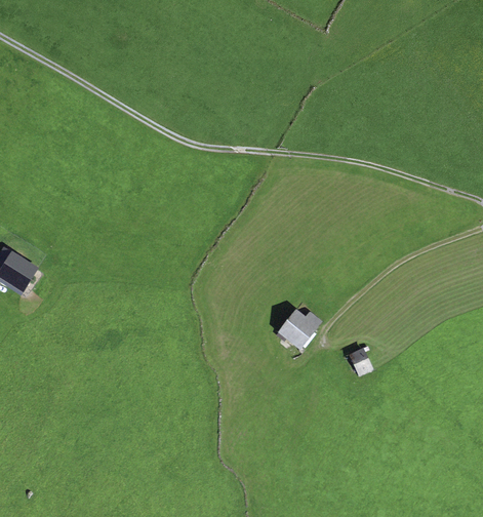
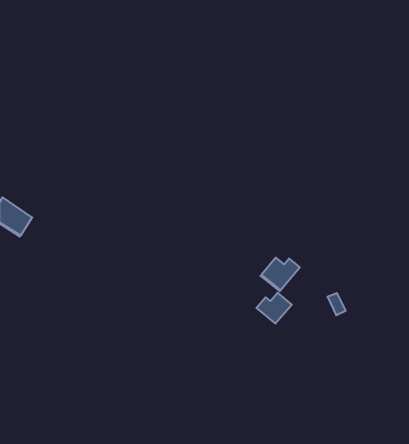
building: none -> [256,293,292,324]

